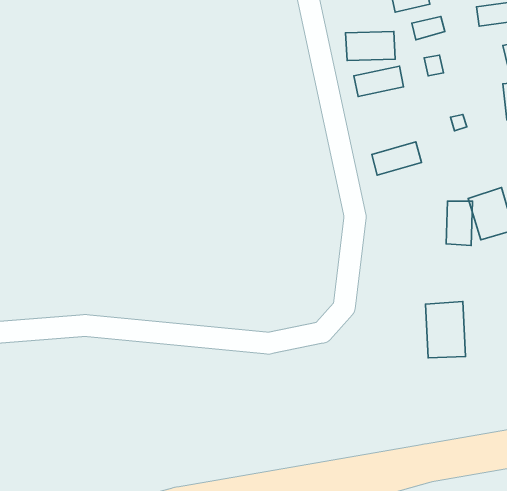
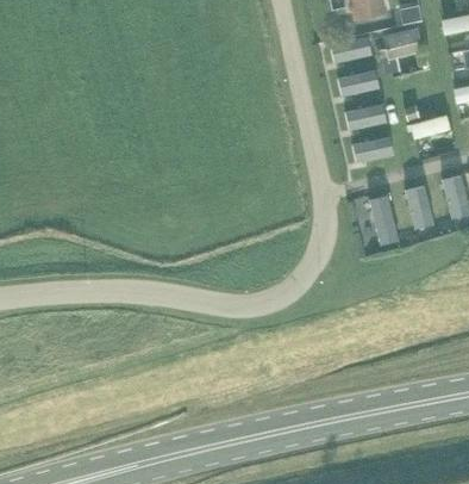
building: none -> [344,106,383,128]
building: [426,301,465,358] -> [358,197,393,246]

